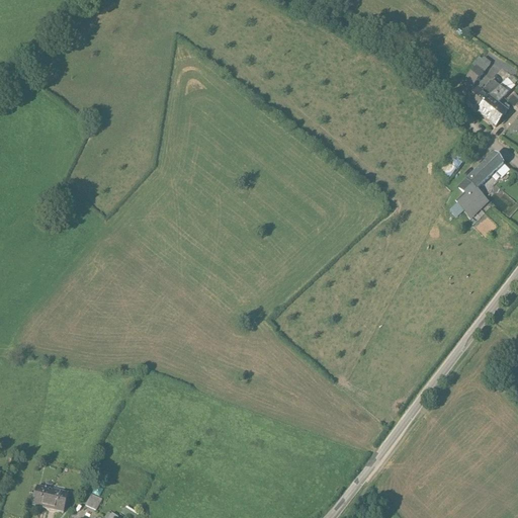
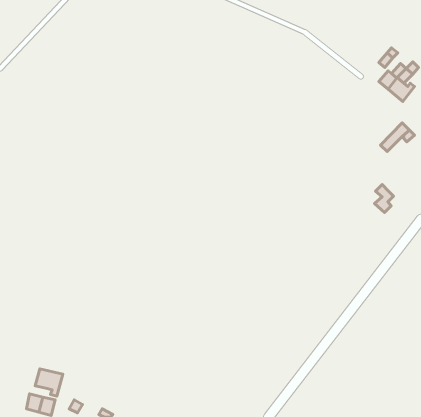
building: [458,178,482,212] -> [375,184,394,212]
building: none -> [35,369,63,396]

